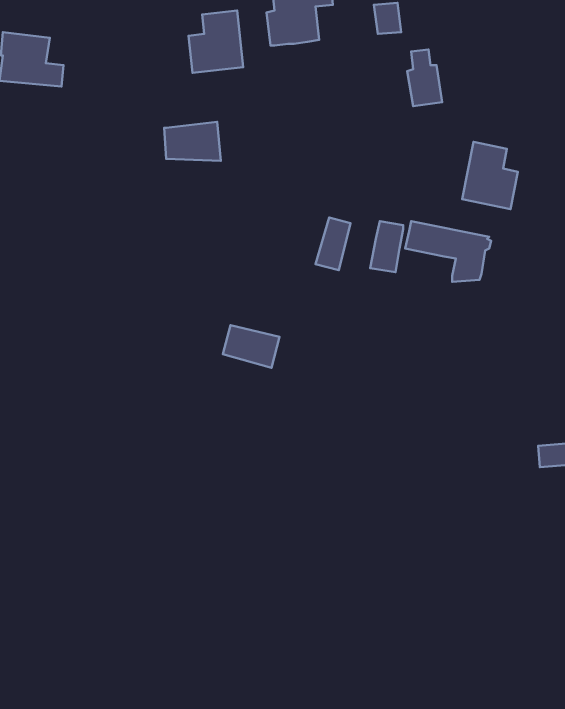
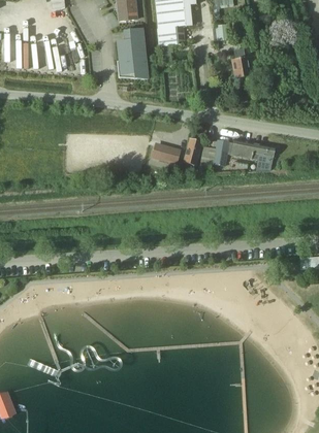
building: [164,122,221,161] -> [117,58,147,78]
building: [462,142,518,209] -> none
building: [223,325,279,368] -> [150,141,180,164]

